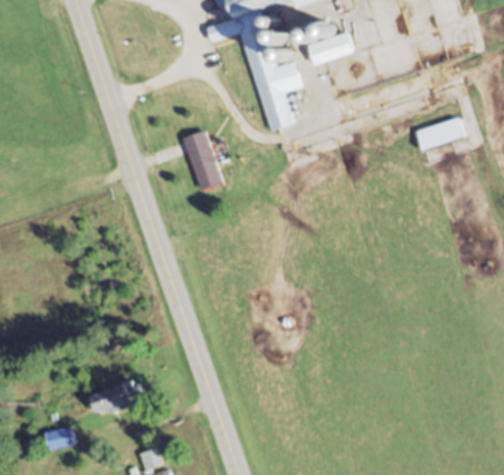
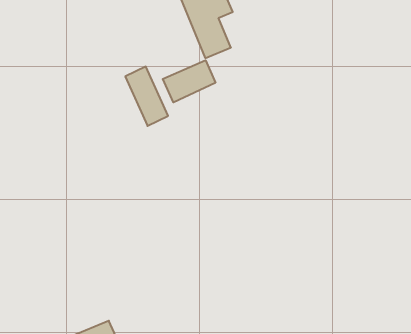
building: [419,116,467,151] -> none
building: none -> [163,60,215,102]

